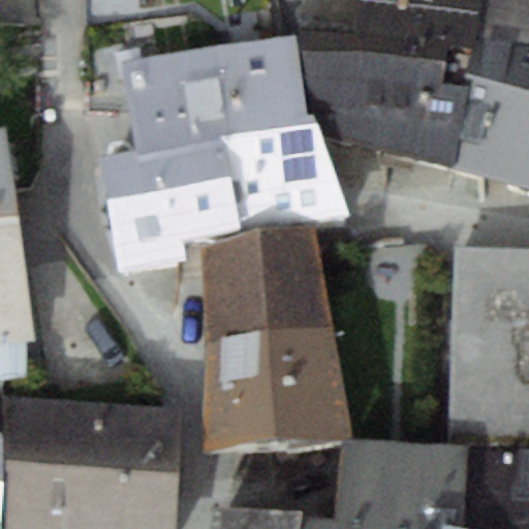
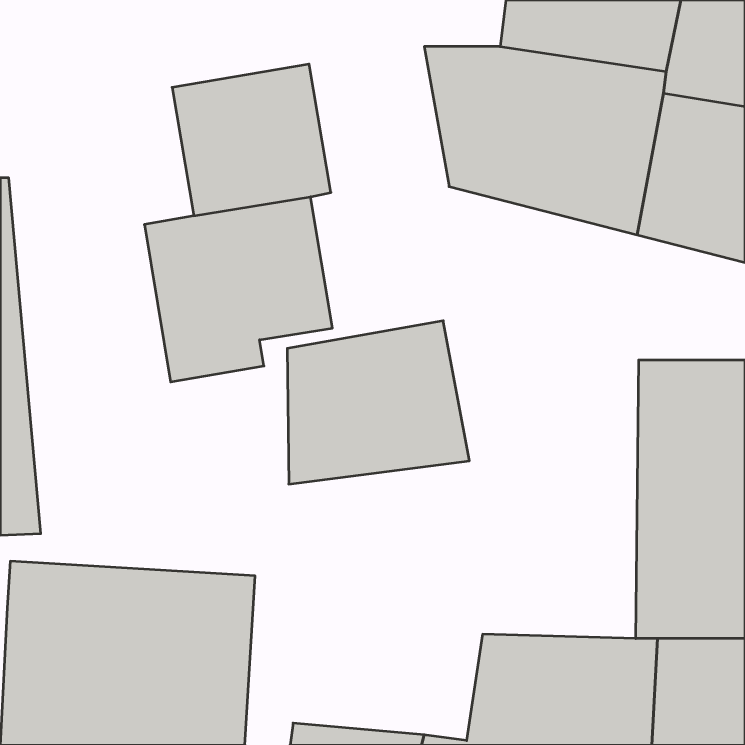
building: [219,33,349,232] -> none
building: [204,326,353,455] -> none

